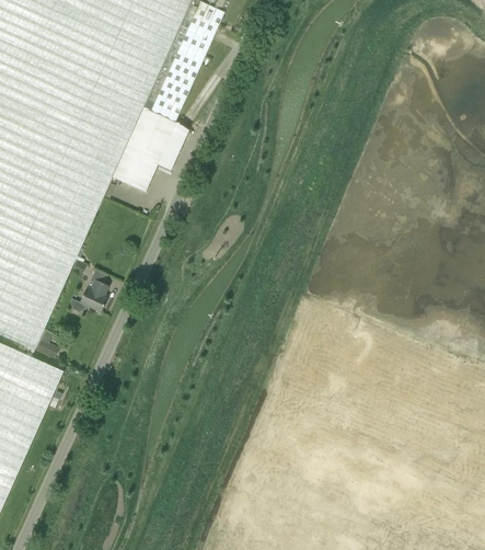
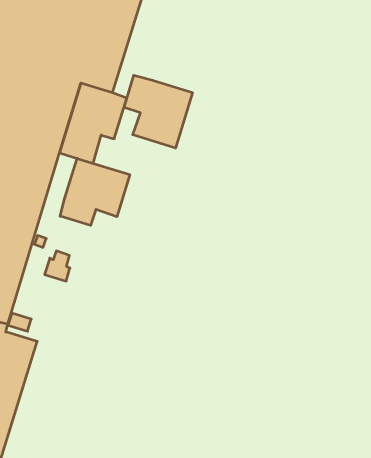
building: none -> [124,75,192,148]
building: none -> [60,158,130,225]

